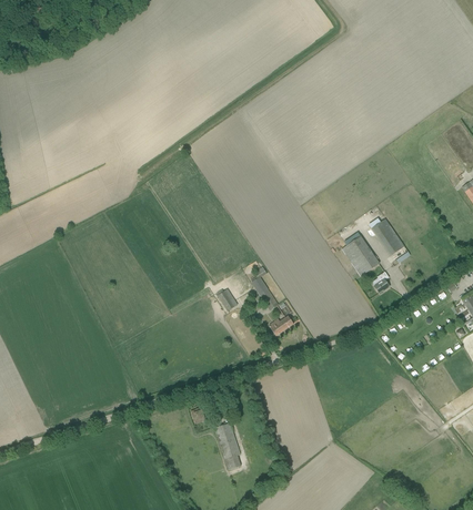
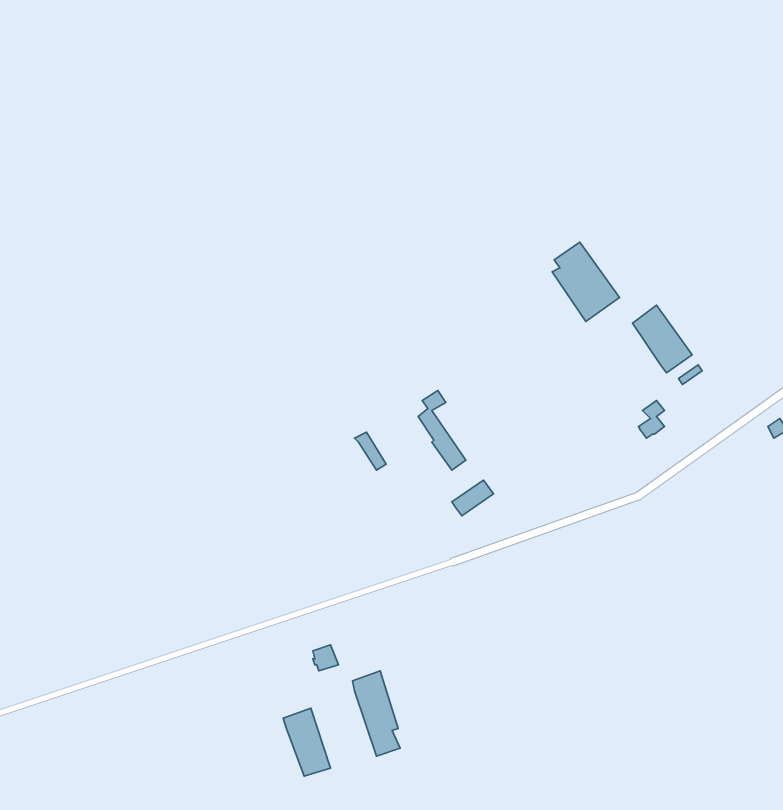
building: [343,232,381,276] -> [552,242,620,322]
building: none -> [283,708,331,776]

